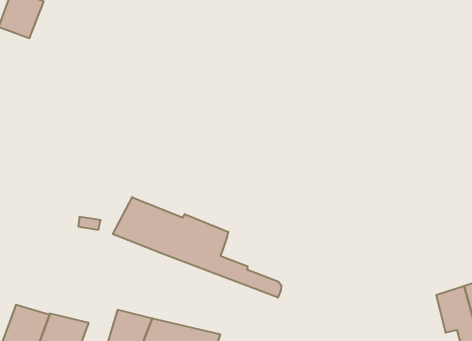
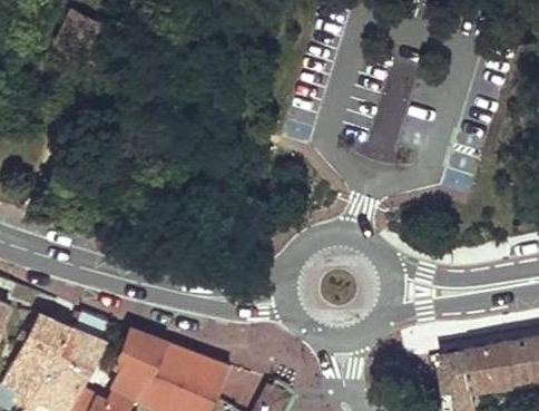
building: [113,197,281,298] -> none

